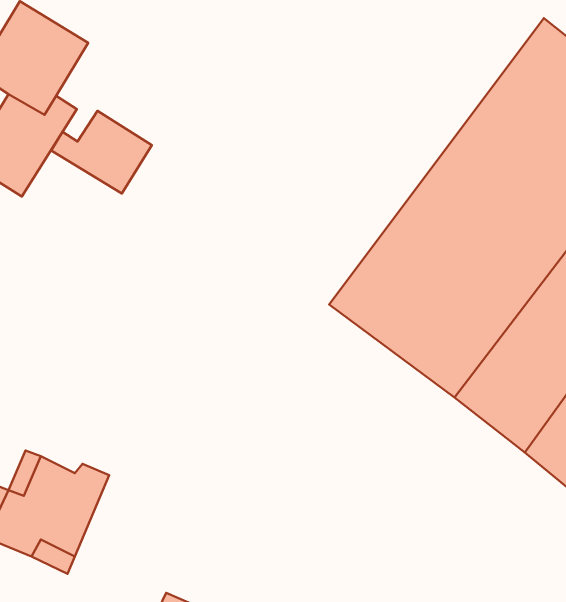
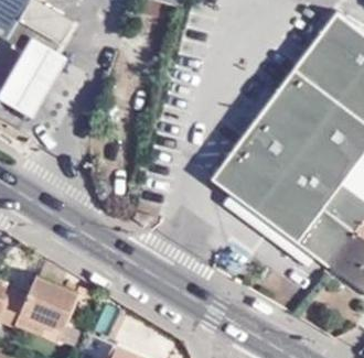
building: [51,111,152,193] -> none

